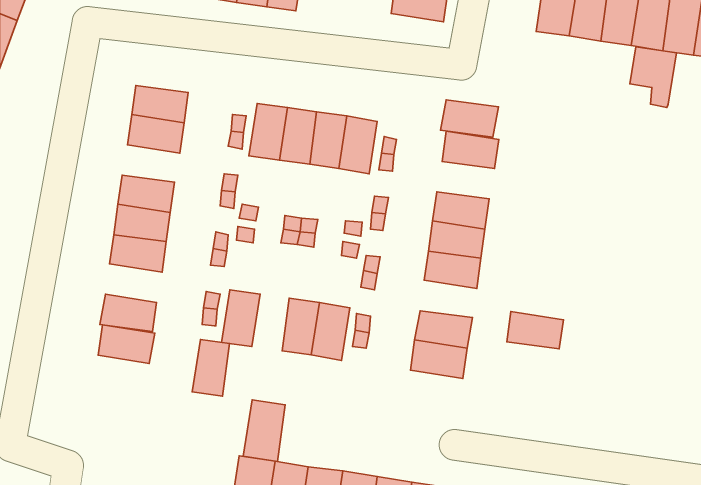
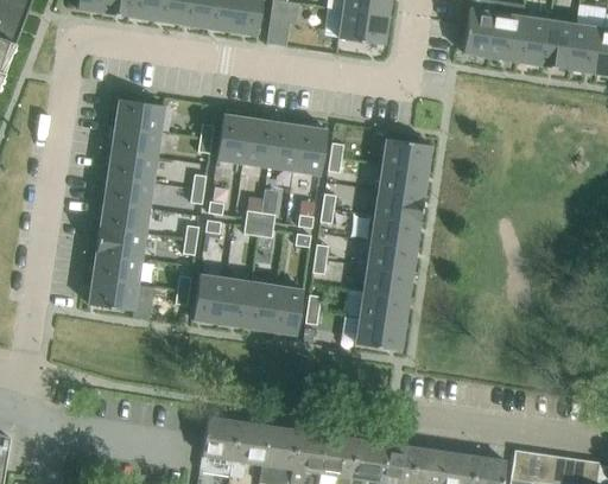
building: [630,47,676,107] -> none
building: [441,100,498,137] -> [378,164,428,196]
building: none -> [107,149,157,182]
building: [507,311,563,349] -> [363,266,412,298]
building: [98,325,155,364] -> [93,251,141,285]
building: [192,339,229,396] -> [218,278,251,326]
building: [243,400,285,462] -> none

